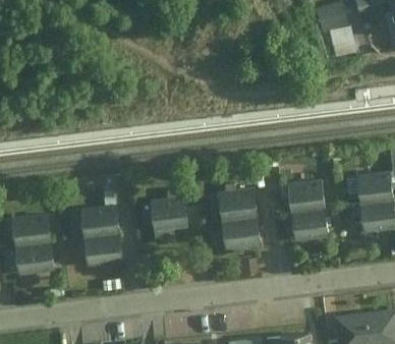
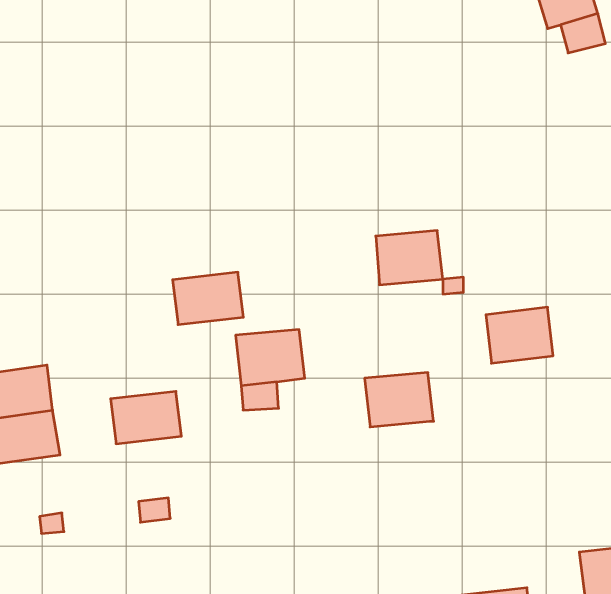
building: [221,190,258,220] -> [376,231,443,285]
building: [81,203,120,231] -> [173,272,243,325]
building: [292,208,330,238] -> none

